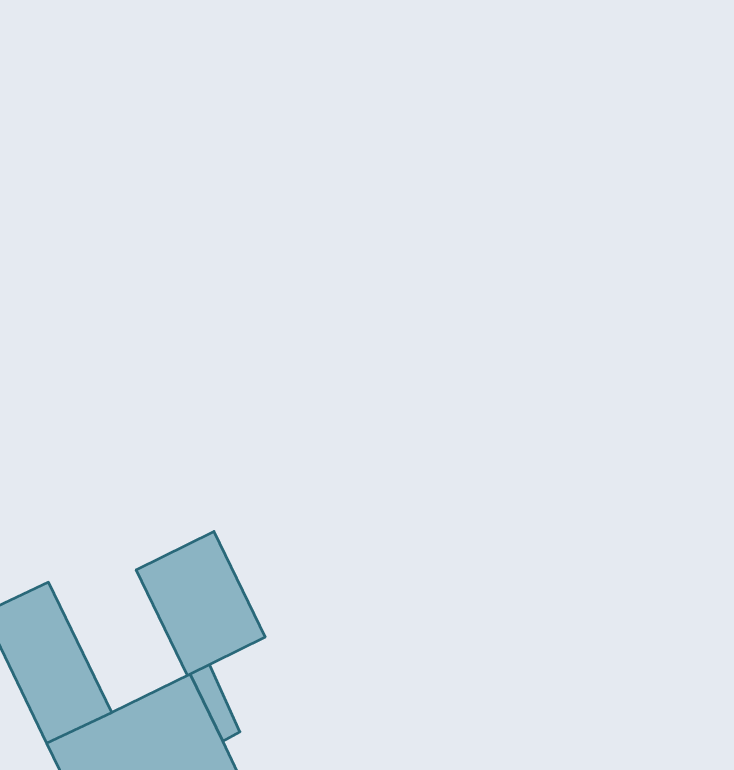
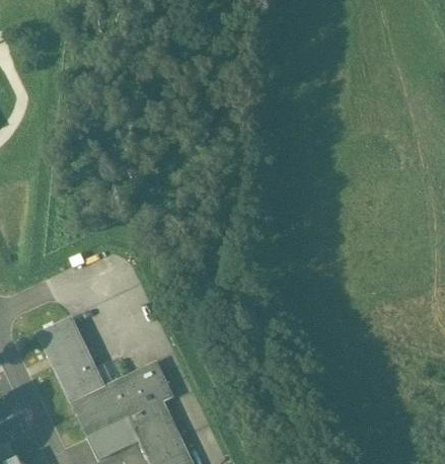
building: [136,531,265,675] -> none

